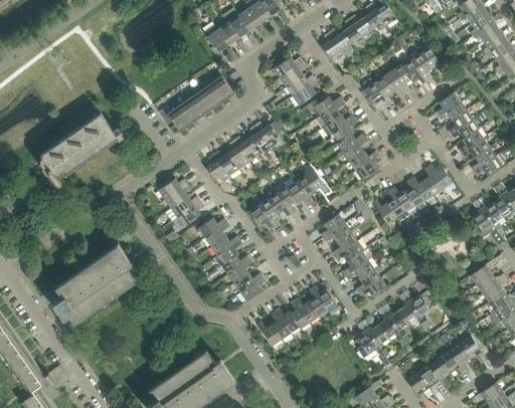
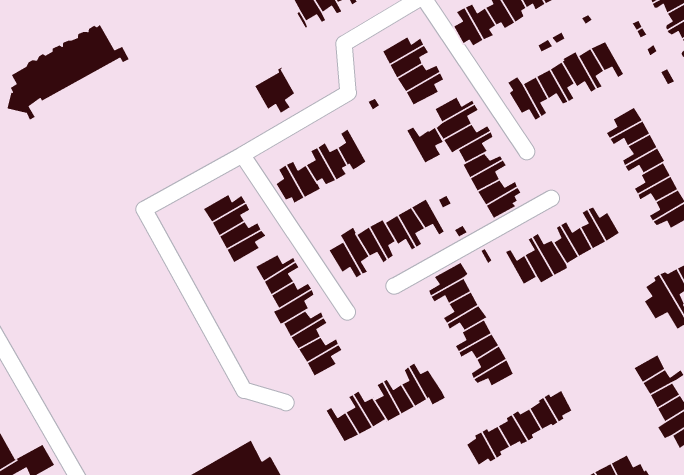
building: [204,75,233,106] -> none
building: [159,100,197,135] -> none
building: [40,114,124,186] -> [6,24,130,121]
building: [254,121,282,147] -> [406,127,444,163]
building: [53,243,136,324] -> none

